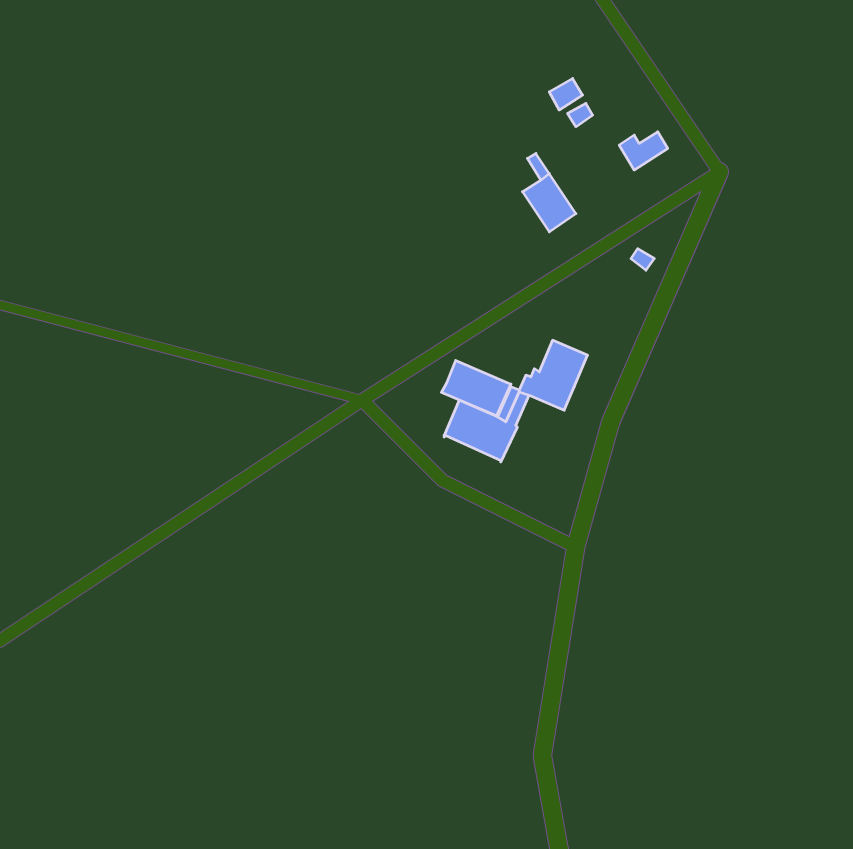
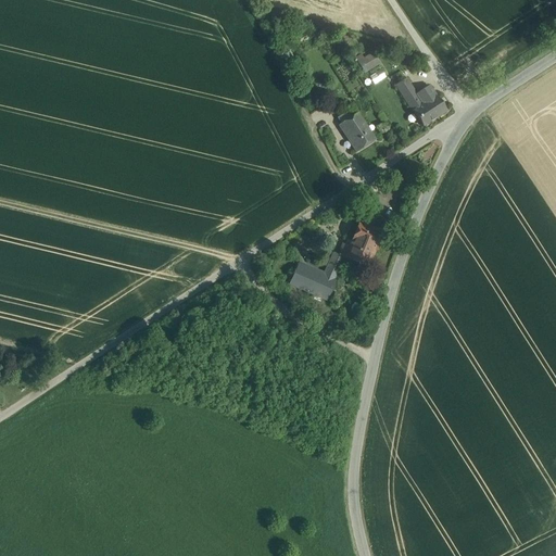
building: none -> [413,96,446,126]
building: [441,360,511,416] -> none

